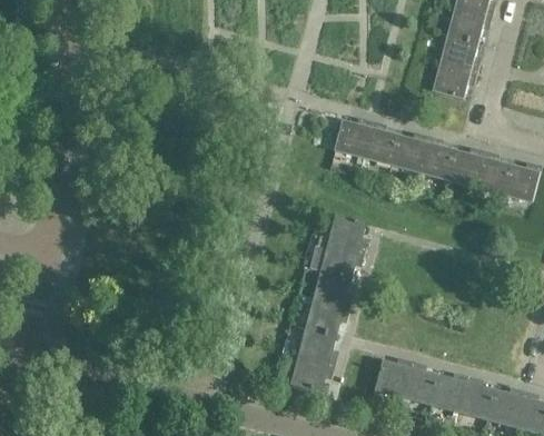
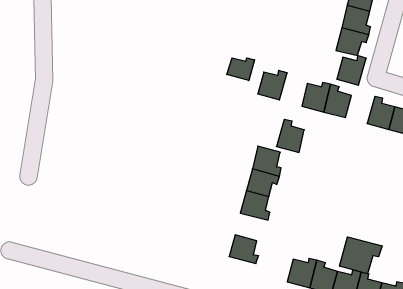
building: none -> [227,58,255,81]
building: [362,121,397,164] -> [276,119,304,152]
building: [446,148,484,186] -> [337,56,366,85]
building: [305,300,347,336] -> none
building: none -> [340,237,382,274]
building: [289,356,332,393] -> none

